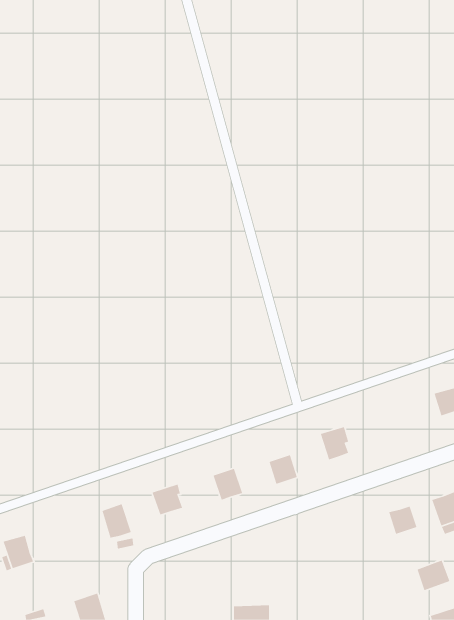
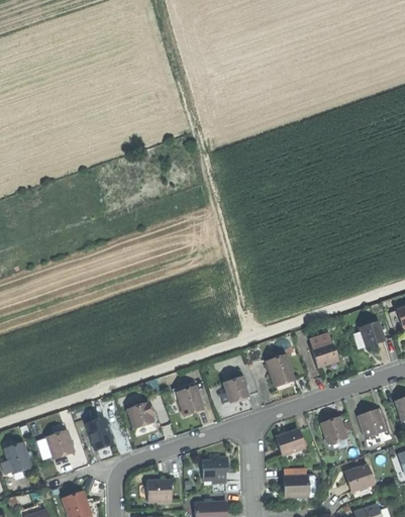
building: none -> [312,340,337,366]
building: none -> [46,429,73,455]
building: none -> [277,429,304,454]
building: none -> [202,454,228,483]
building: none -> [284,474,309,497]
building: none -> [146,479,172,502]

